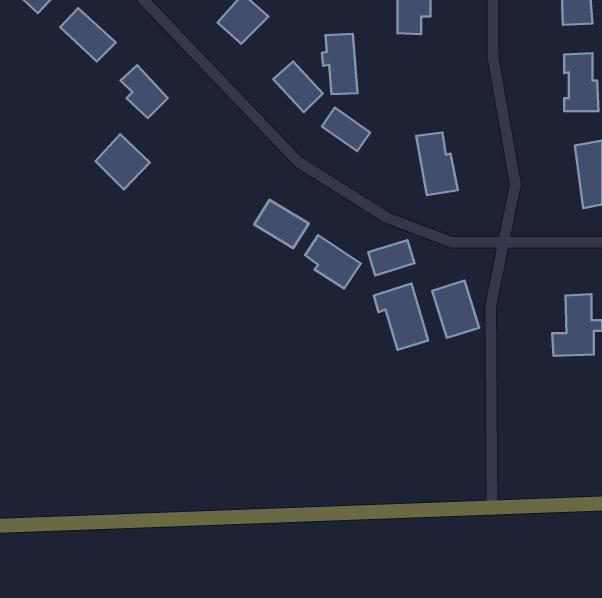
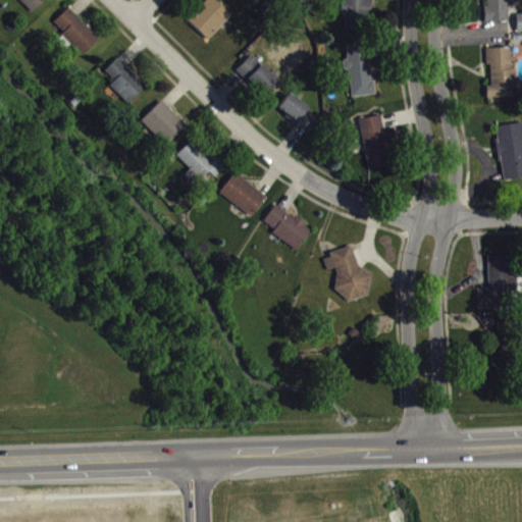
building: [322,34,357,94] -> [343,43,373,95]
building: [95,134,150,190] -> [139,99,186,147]
building: none -> [176,136,224,186]
building: [368,240,414,275] -> none
building: [432,280,479,338] -> none

